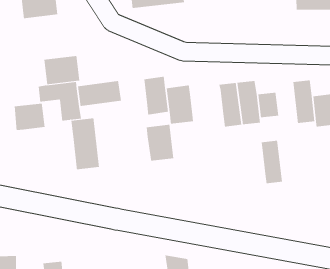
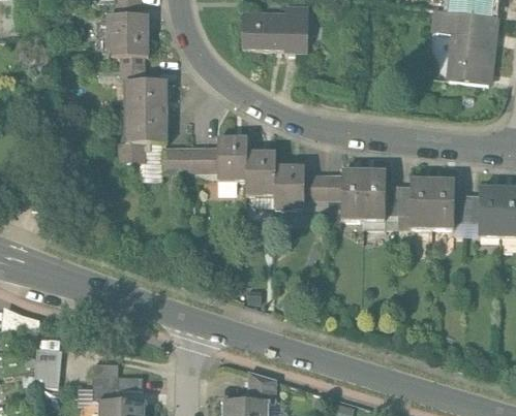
building: none -> [122,76,165,109]
building: none -> [302,173,339,200]
building: [14,103,45,131] -> none
building: [71,117,100,170] -> none
building: [146,124,174,161] -> [214,134,245,178]
building: [261,140,283,184] -> [409,173,431,226]

